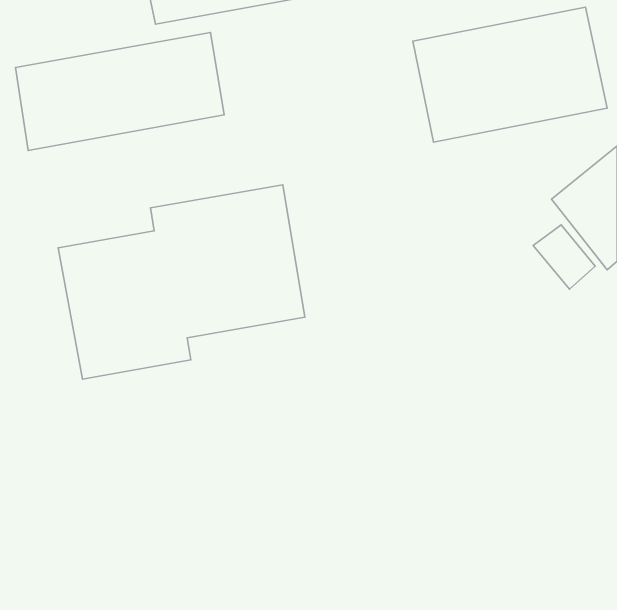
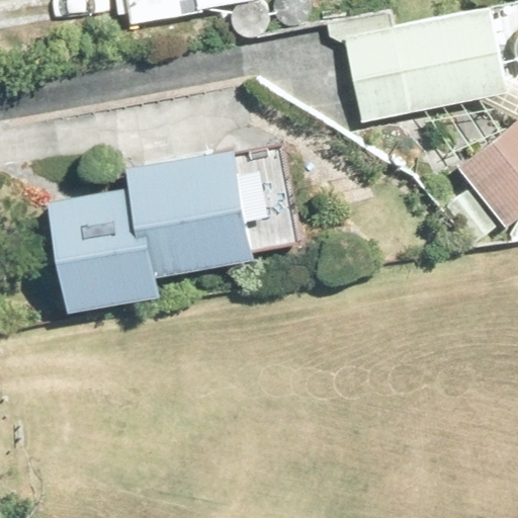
building: [15,33,224,150] -> none

